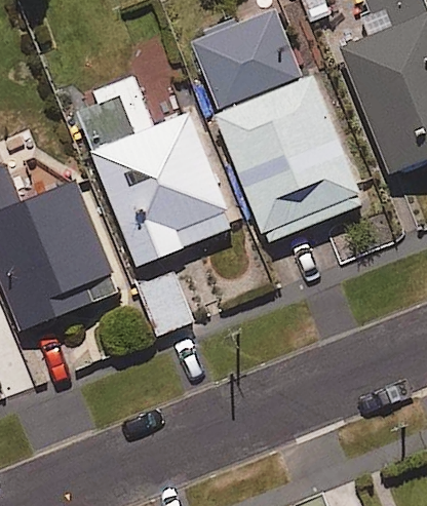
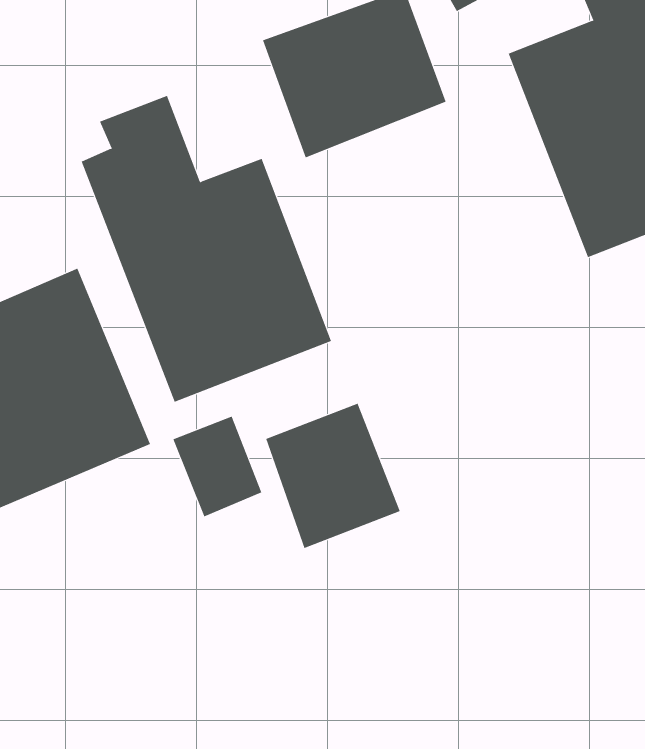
building: [216,74,362,239] -> none
building: none -> [265,403,401,549]

